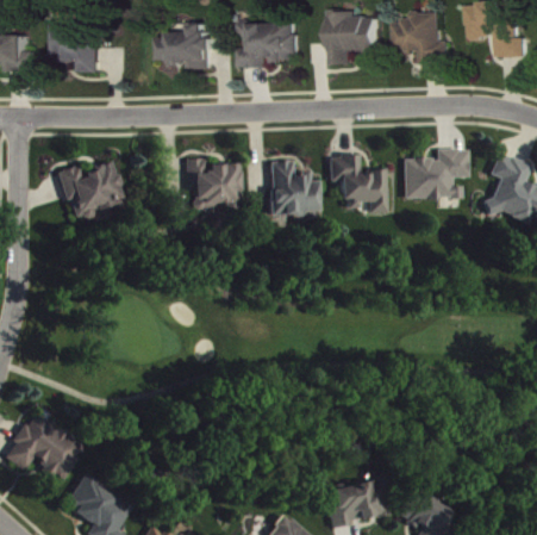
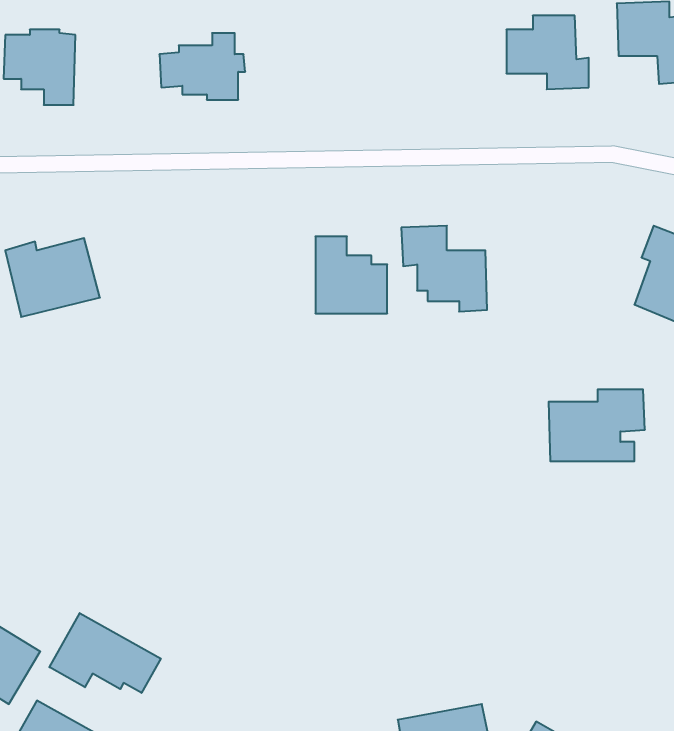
building: [335,8,383,64] -> none
building: [245,21,302,67] -> none
building: [402,149,468,198] -> [549,389,645,461]
building: [185,157,241,211] -> none
building: none -> [49,613,161,693]

